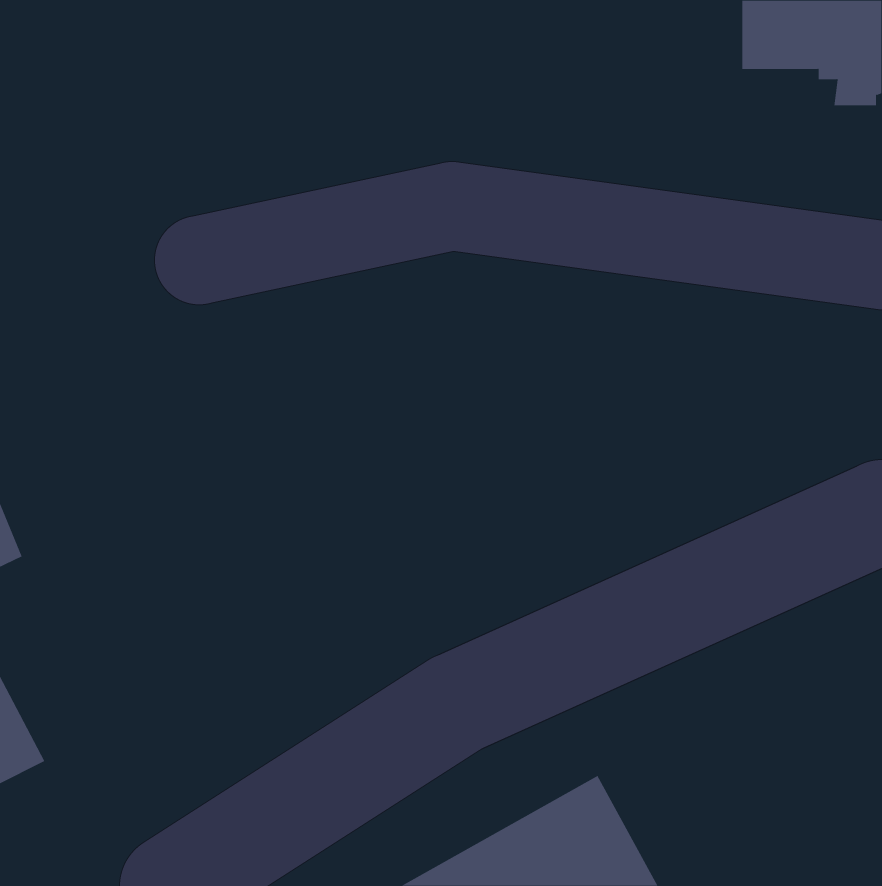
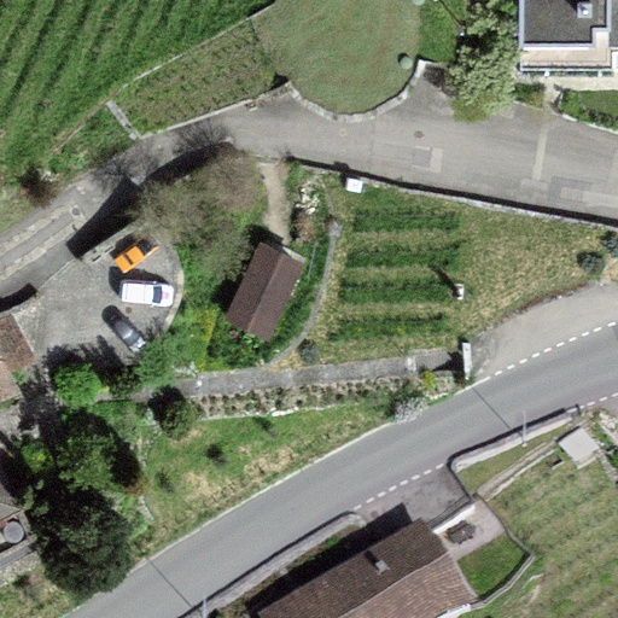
building: none -> [217,239,304,340]

